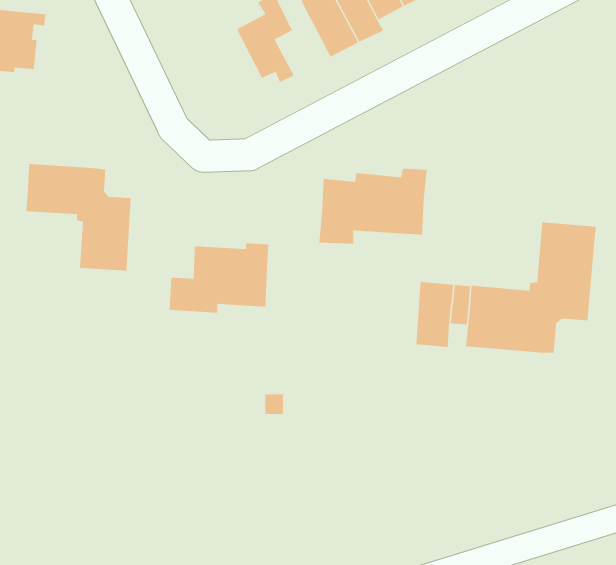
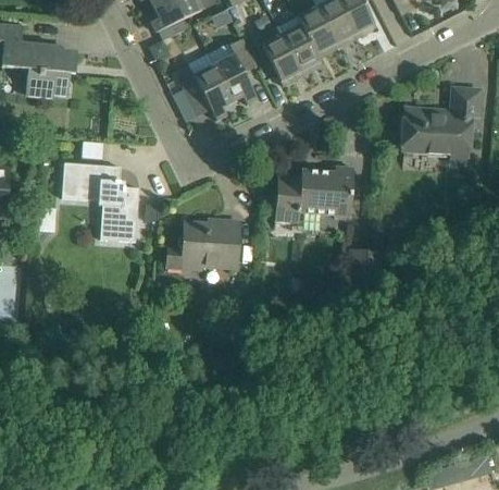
building: none -> [178,63,234,119]
building: none -> [402,86,481,161]
building: [466,221,596,353] -> none

